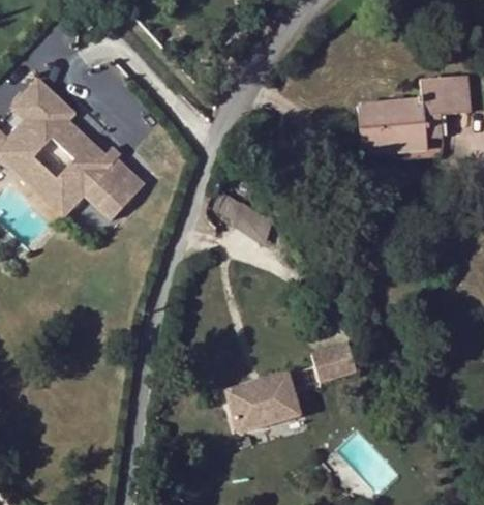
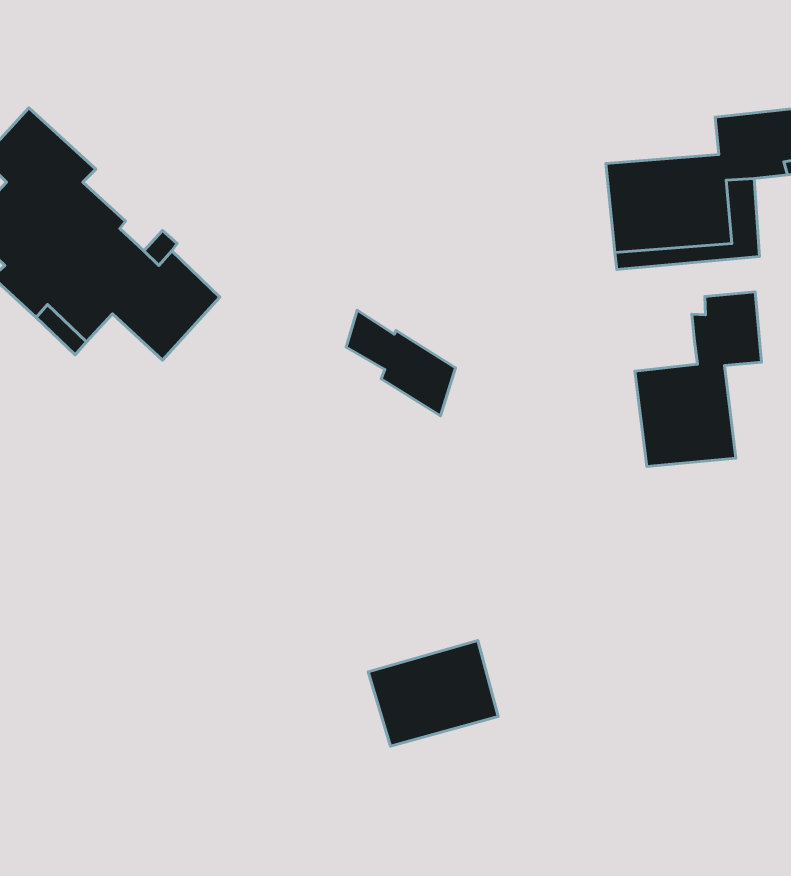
building: none -> [635,292,761,466]
building: [311,341,356,379] -> none

